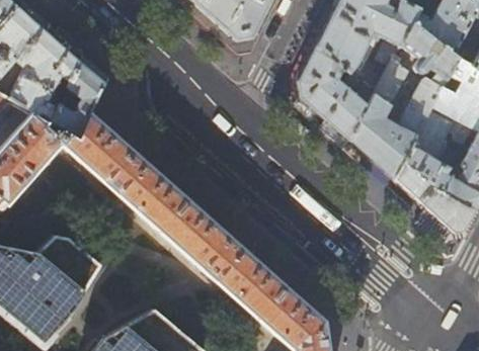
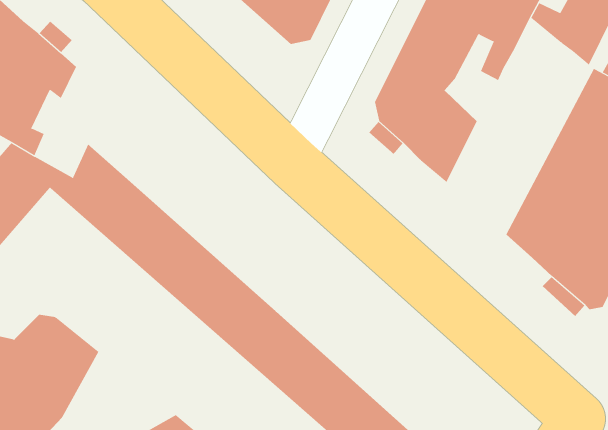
building: [350,22,457,179] -> none
building: [52,58,106,138] -> none

